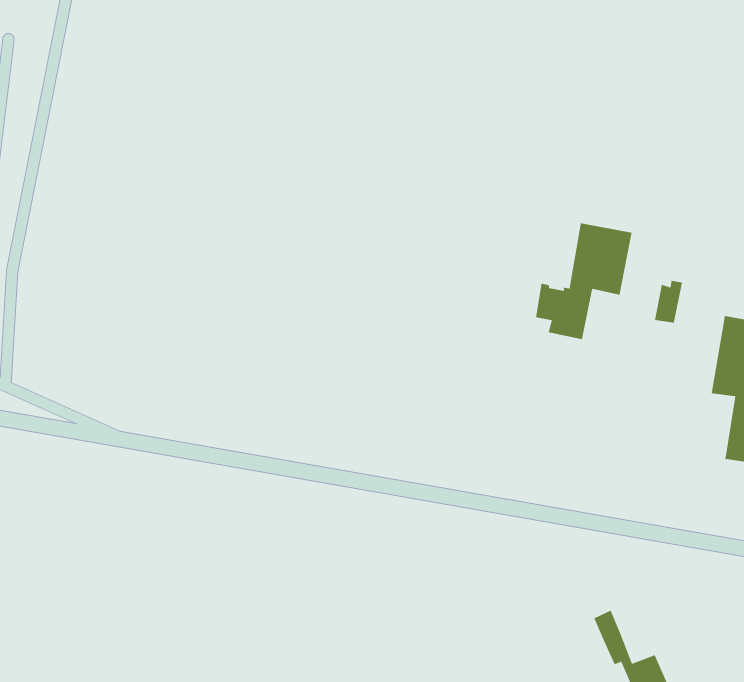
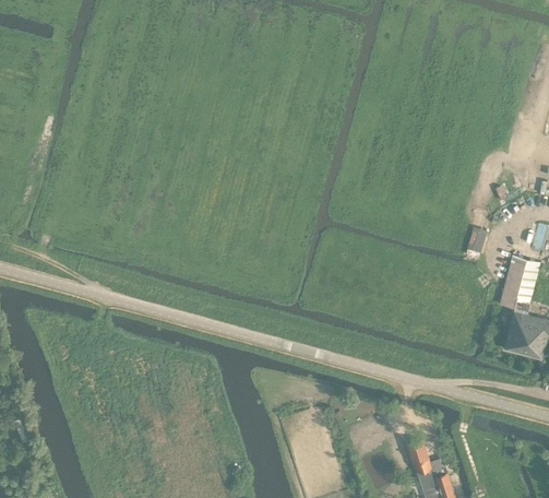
building: [536,223,632,341] -> none

